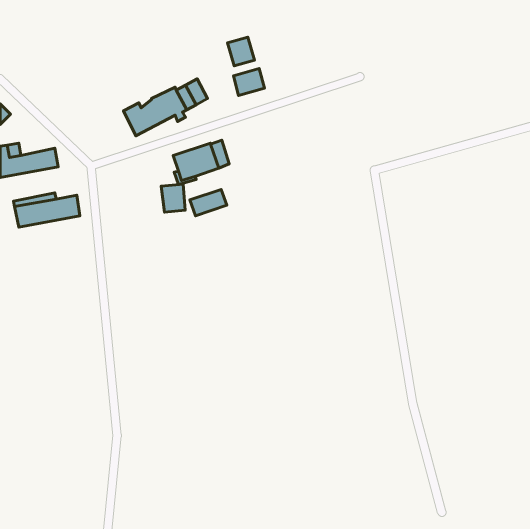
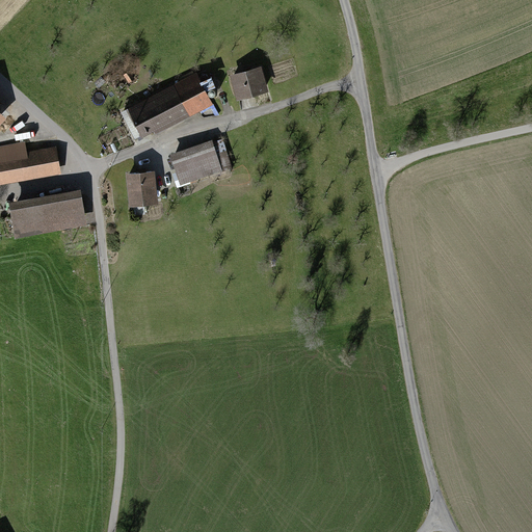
building: [228,37,255,66] -> none
building: [161,184,185,212] -> [130,172,154,201]
building: [190,189,227,216] -> none

